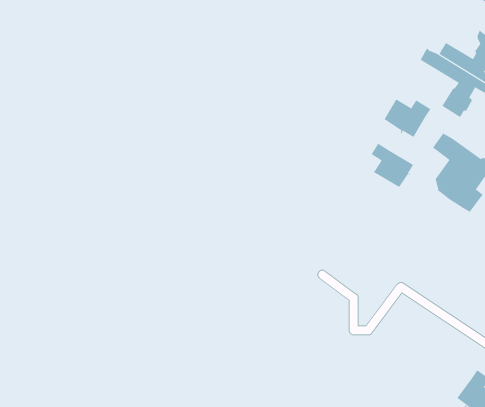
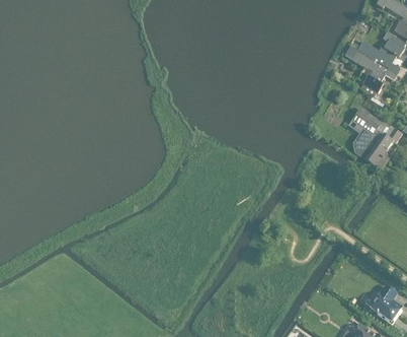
building: [384,98,431,138] -> none
building: [371,143,414,188] -> none

